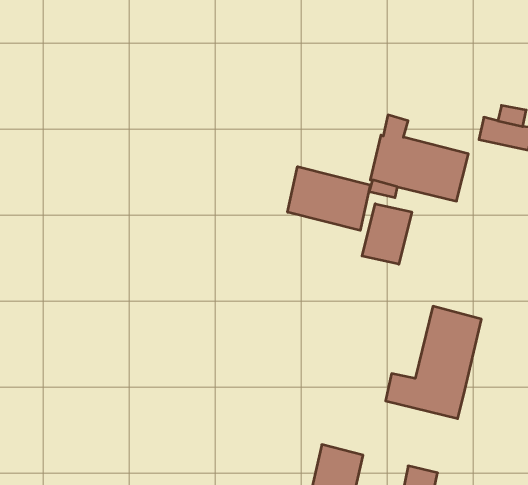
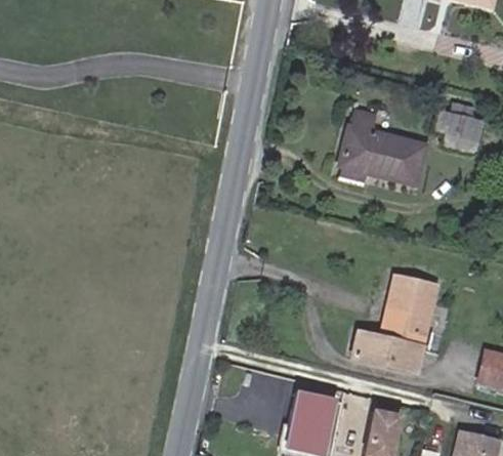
building: [288,167,370,230] -> none
building: [362,204,412,264] -> none

